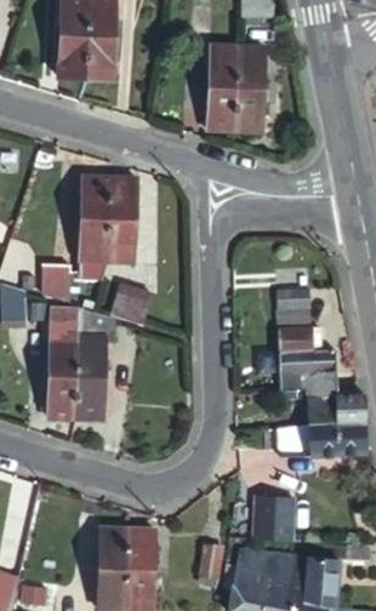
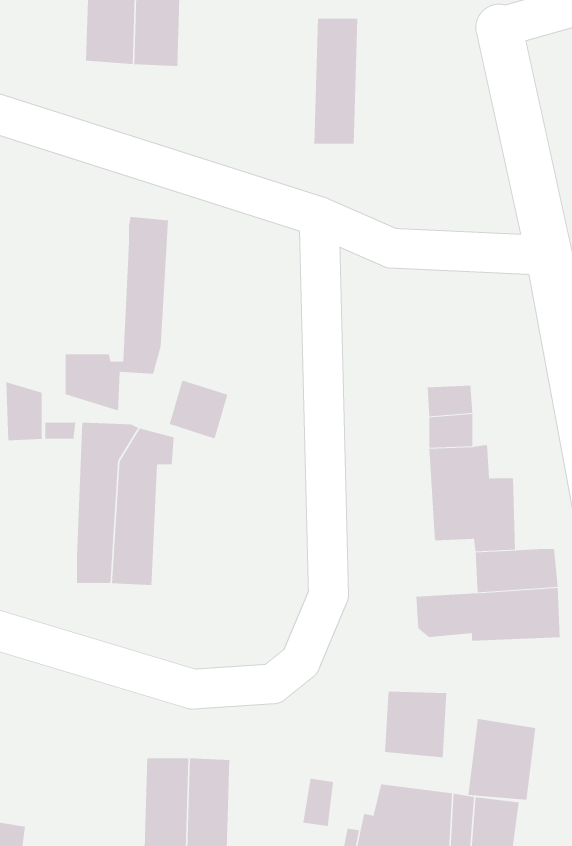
building: [233,46,263,130] -> none
building: [107,178,136,262] -> none
building: none -> [468,718,536,800]

